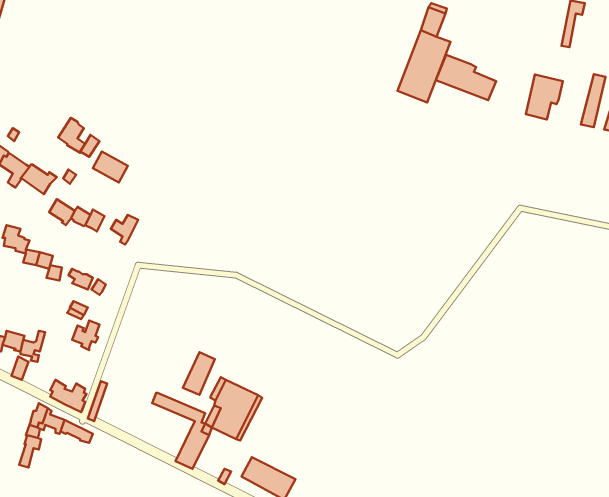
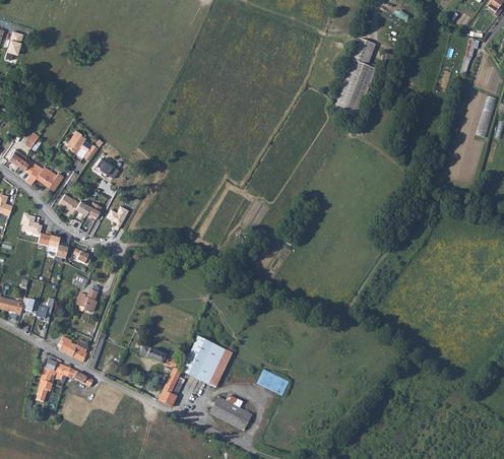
building: [436,55,496,100] -> none
building: [526,74,563,120] -> none
building: [183,352,215,395] -> none

